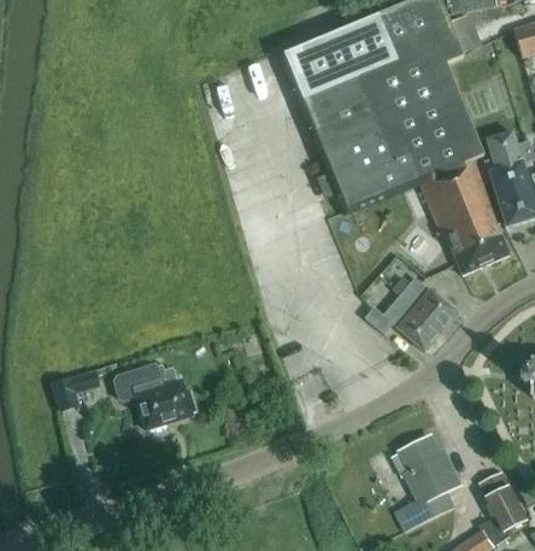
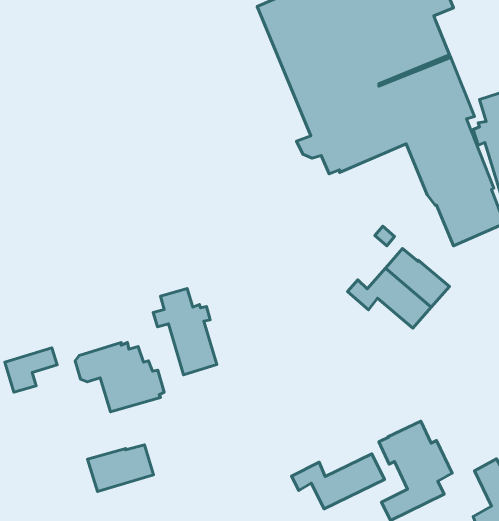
building: none -> [153,289,217,375]
building: none -> [88,445,154,491]
building: none -> [291,454,385,509]

